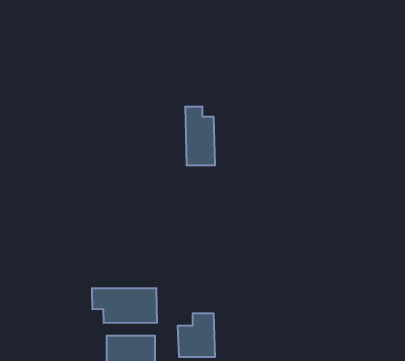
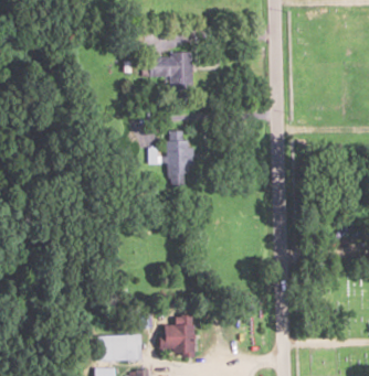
building: none -> [148,56,191,90]
building: [92,288,157,323] -> none

